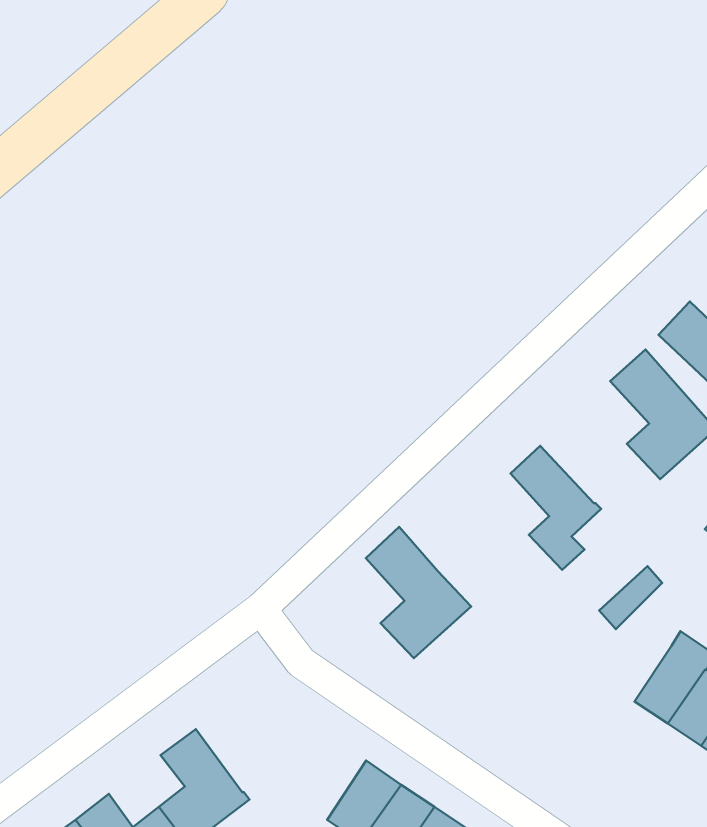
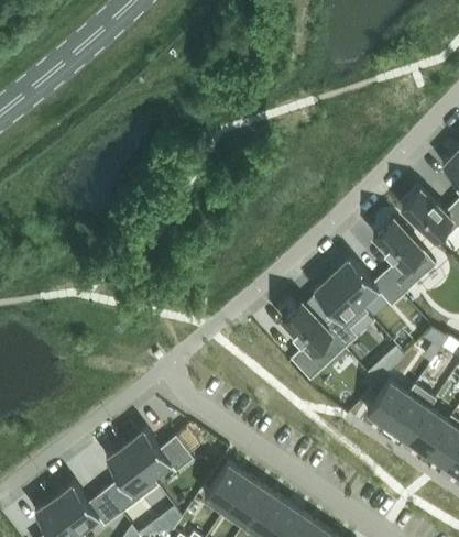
building: none -> [330,260,402,310]
building: [366,527,471,658] -> [281,303,343,381]
building: none -> [367,382,408,428]
building: none -> [125,430,193,482]

